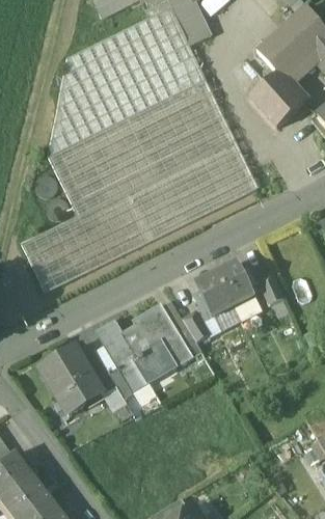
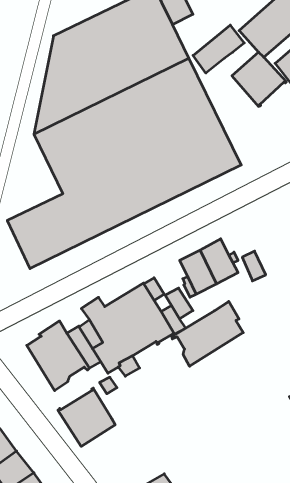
building: none -> [193,25,244,73]
building: none -> [172,301,243,366]
building: none -> [58,388,115,446]

